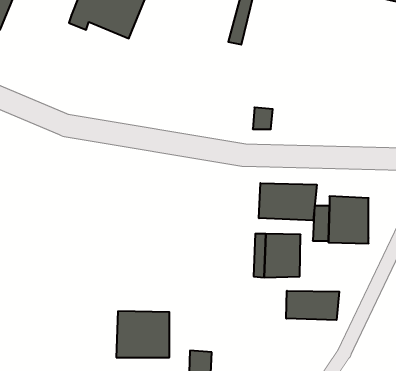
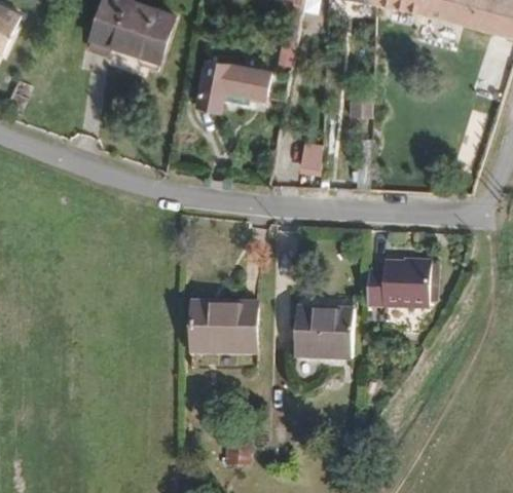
building: none -> [193,61,269,117]
building: [259,183,317,221] -> none
building: [286,291,339,320] -> none
building: [116,311,169,357] -> [192,292,255,346]

